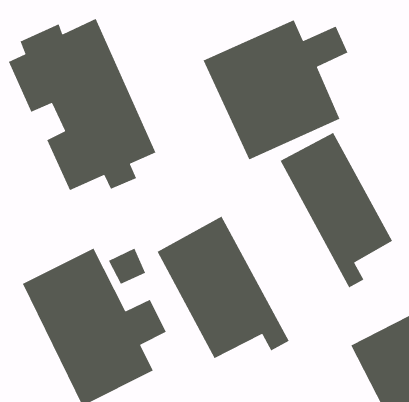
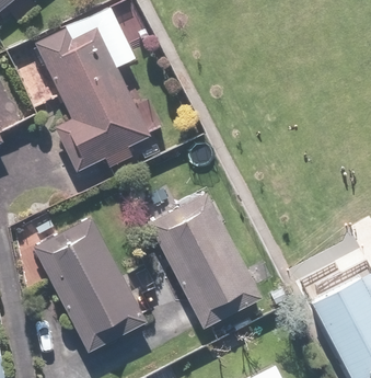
building: [202,19,349,160] -> none
building: [279,132,393,289] -> none

